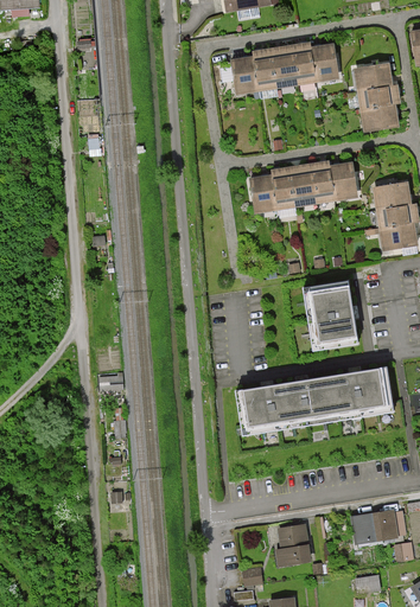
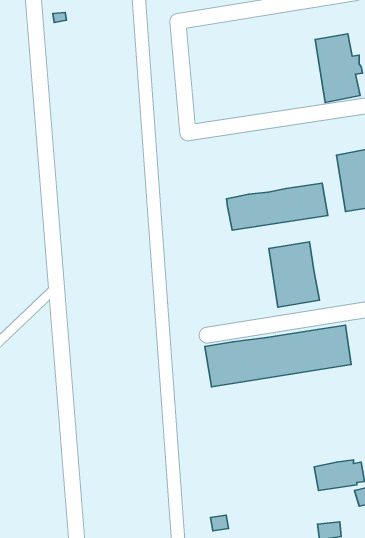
building: [231,43,342,94] -> none
building: [252,161,358,211] -> [226,183,328,230]
building: [276,524,311,566] -> none

